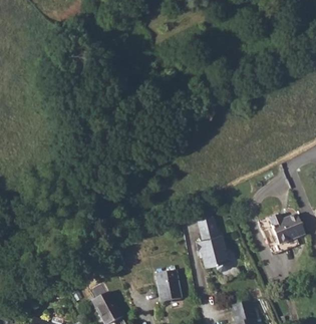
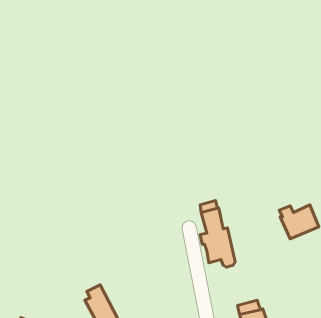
building: [156,270,183,303] -> none

